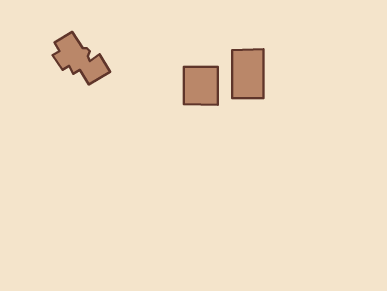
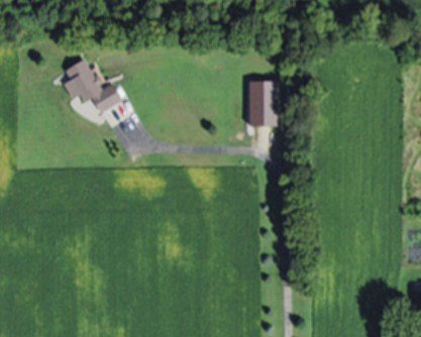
building: [184,67,218,105] -> none

